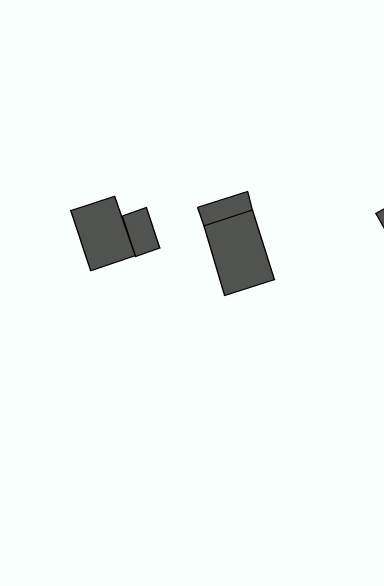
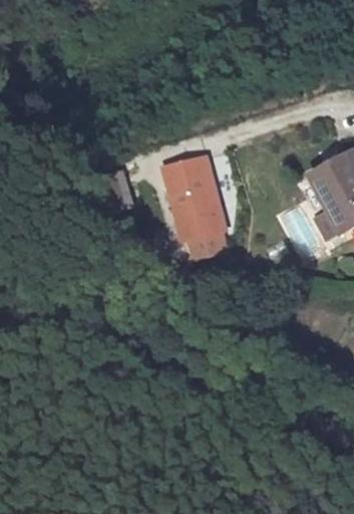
building: [71,196,135,271] -> none

